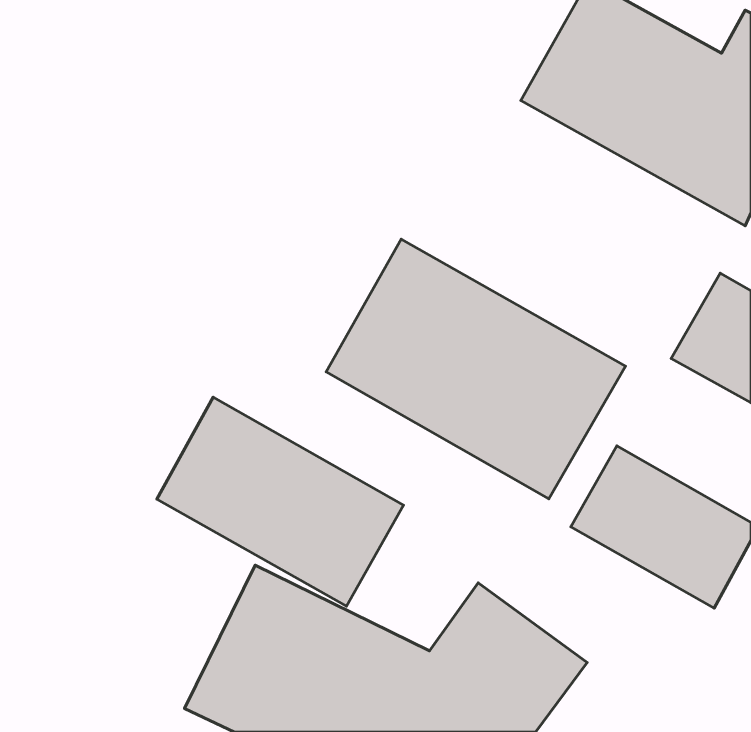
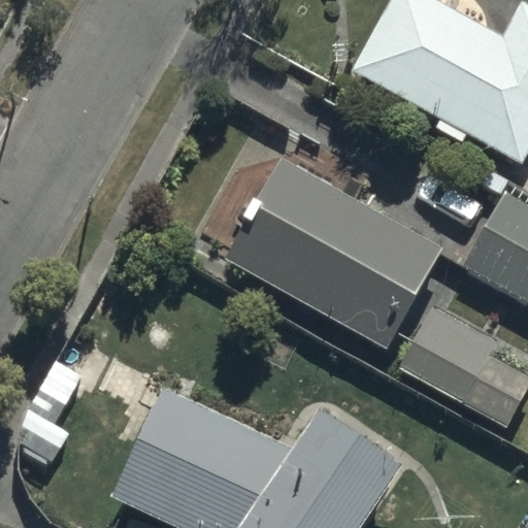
building: [157,397,404,606] -> none

